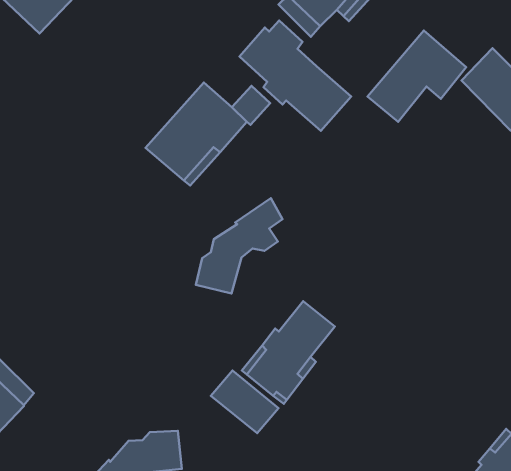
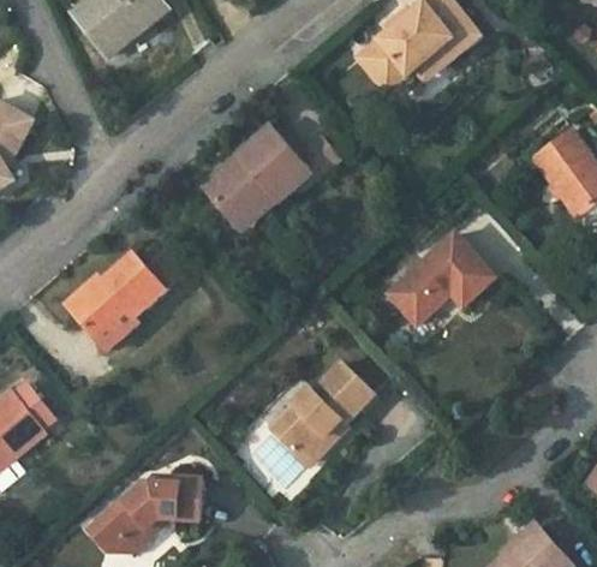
building: [240,21,351,131] -> none
building: [368,30,466,122] -> [388,233,492,323]
building: [196,198,283,293] -> none
building: none -> [64,249,178,342]

